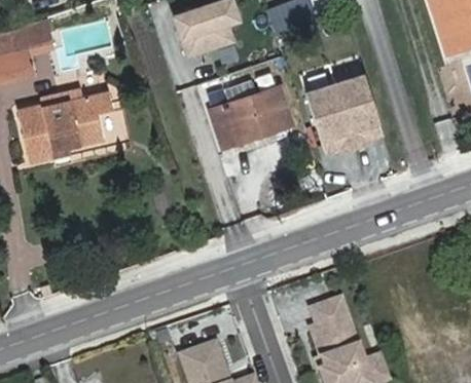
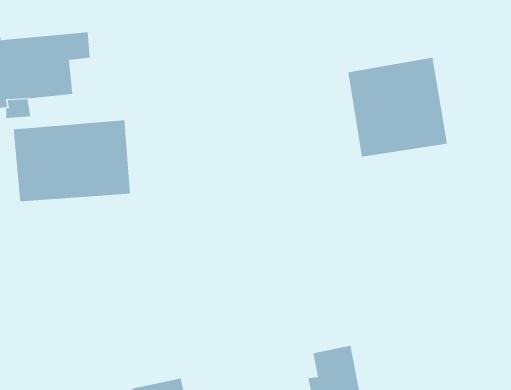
building: [208,78,292,147] -> none
building: none -> [13,119,131,202]

